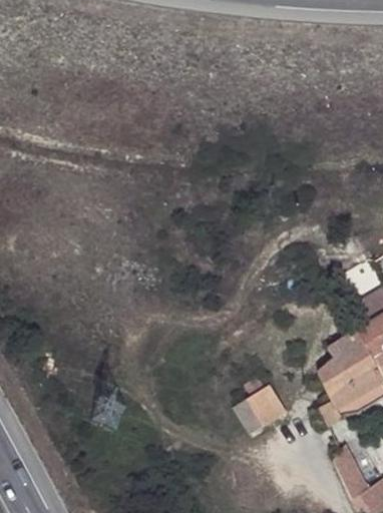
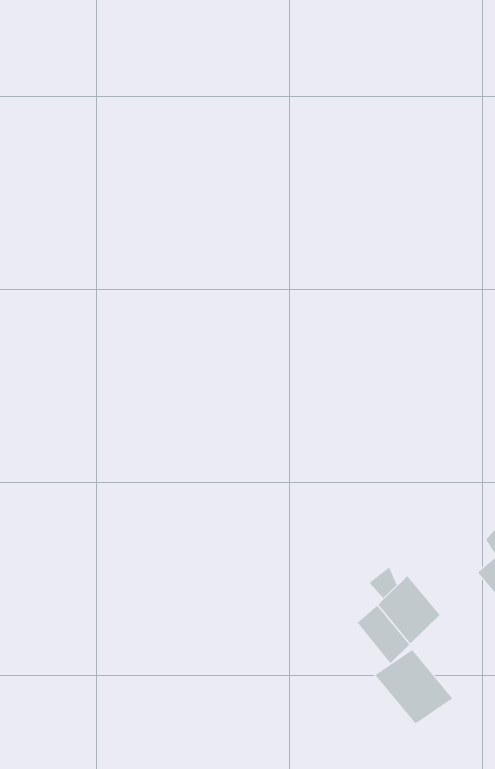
building: none -> [374,649,453,724]

